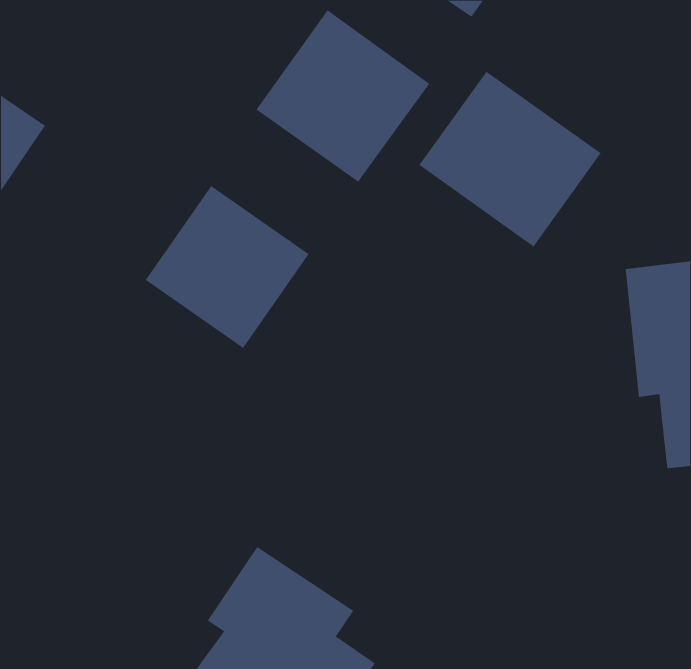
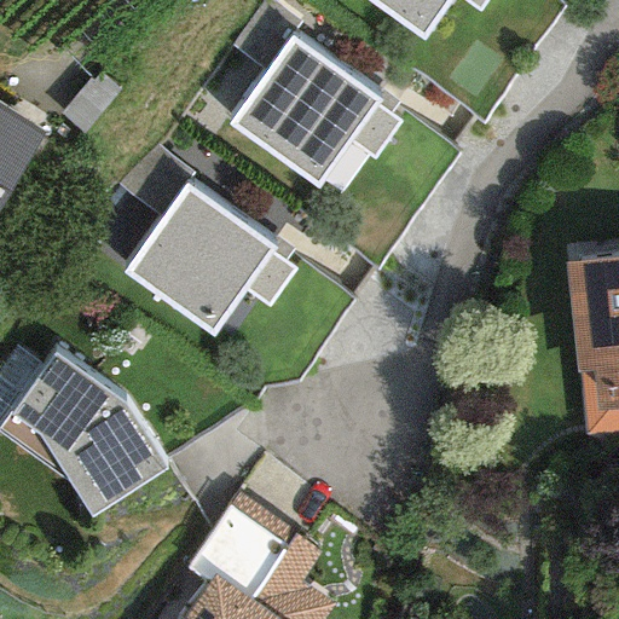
building: [419,71,601,248] -> none
building: none -> [11,346,173,519]

